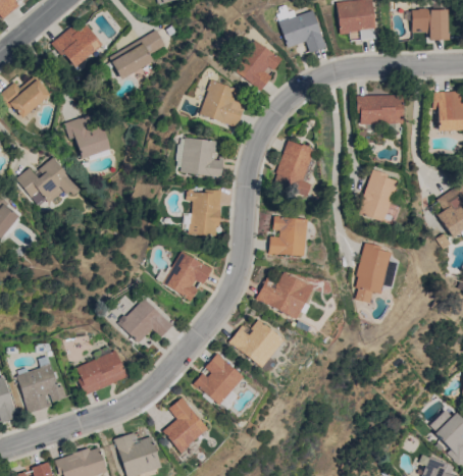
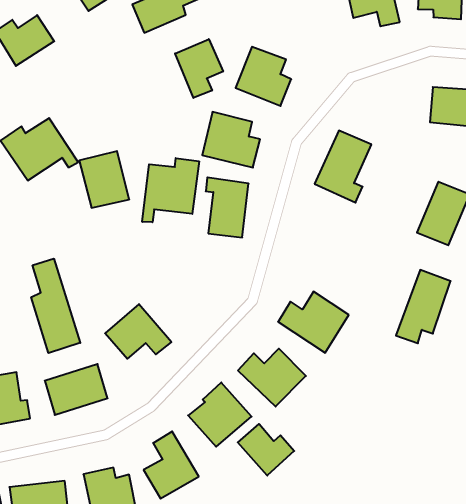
building: [236,42,281,90] -> none
building: none -> [175,39,223,98]
building: [65,111,109,159] -> [79,151,129,208]
building: none -> [142,158,199,222]
building: [268,216,306,256] -> none
building: [163,252,212,299] -> none
building: none -> [31,259,80,353]
building: none -> [238,424,294,476]

